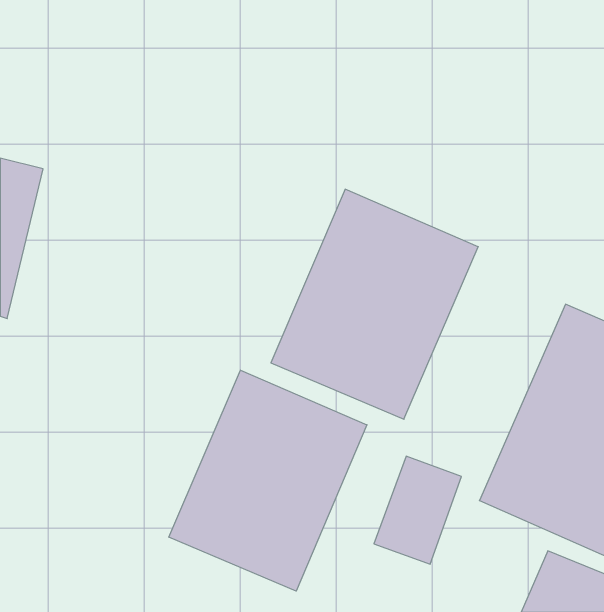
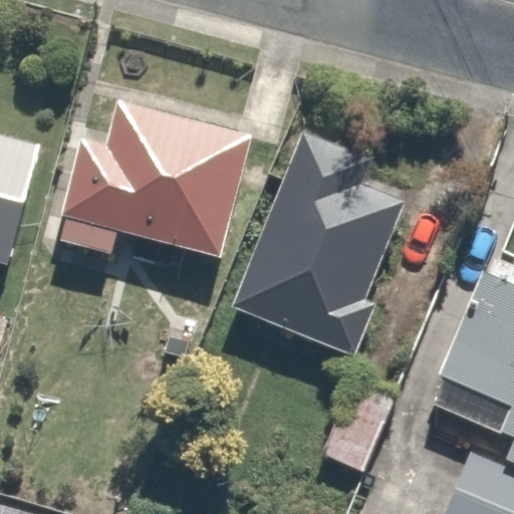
building: none -> [52,104,249,255]
building: [169,370,367,591] -> none

